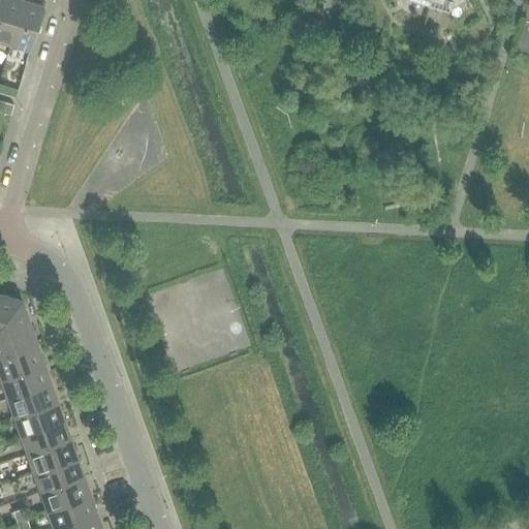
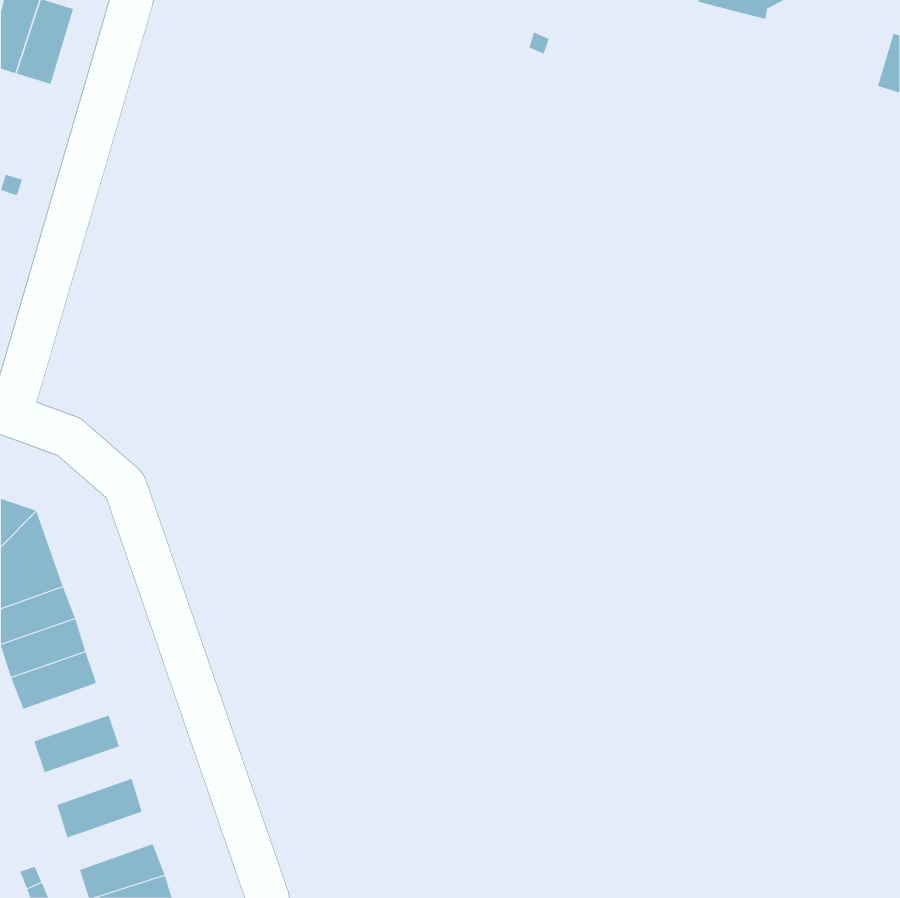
building: [13,401,64,435] -> none
building: [26,438,77,472] -> none
building: [39,476,90,510] -> none

